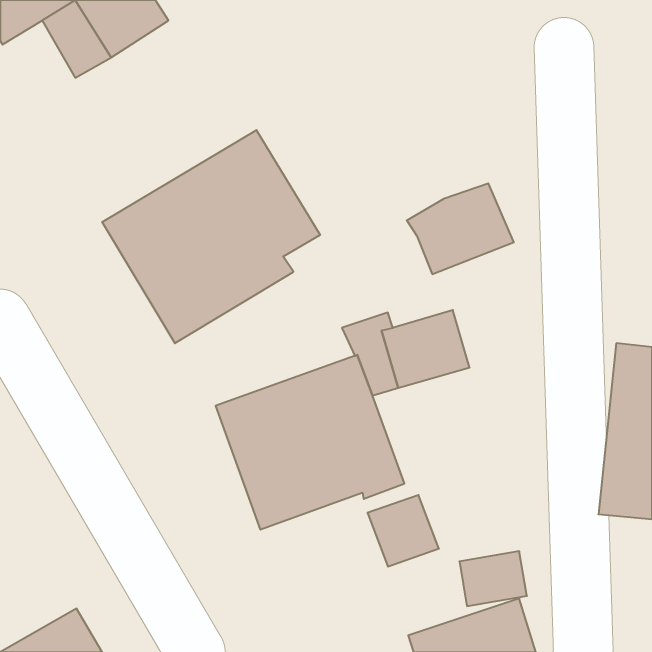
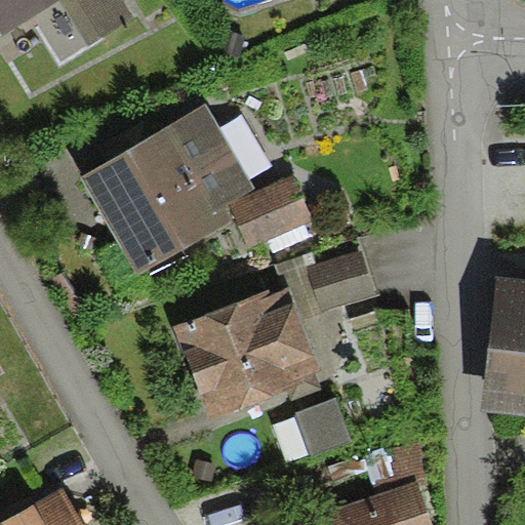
building: [407,183,514,274] -> [228,176,314,249]

